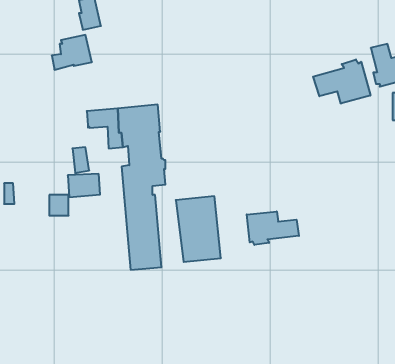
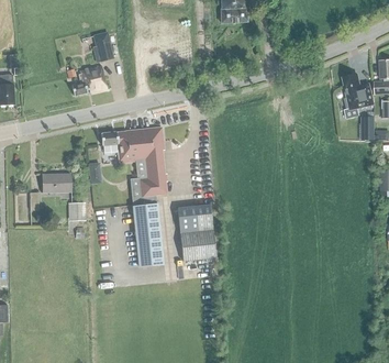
building: [313,59,370,104] -> none
building: [68,174,100,197] -> [44,173,71,193]
building: [247,211,299,245] -> none

